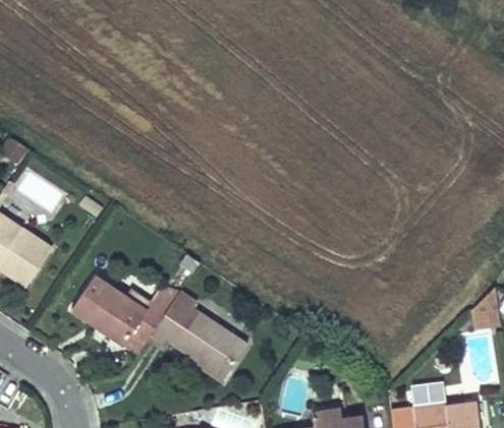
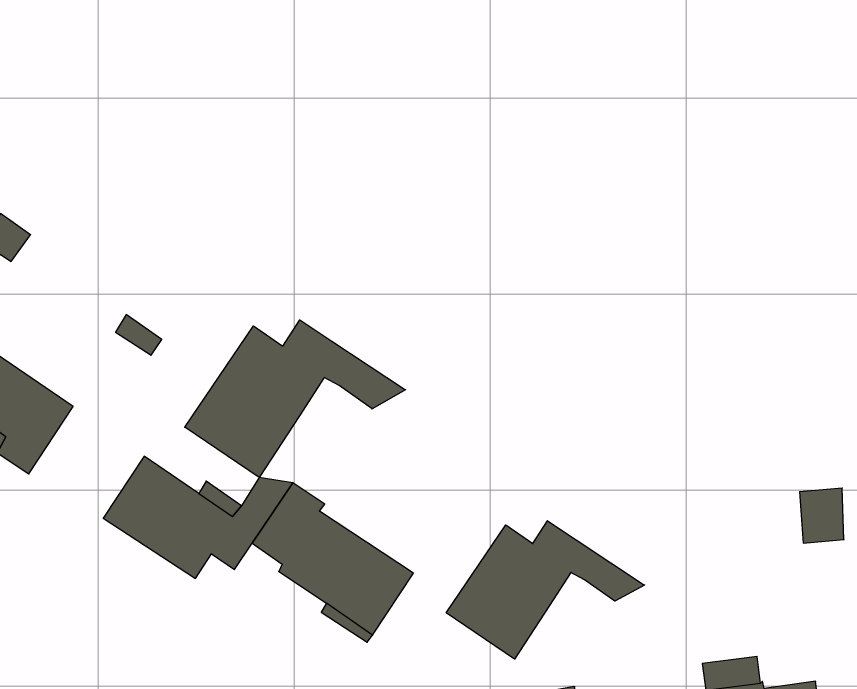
building: none -> [185,320,406,478]
building: none -> [446,521,645,659]

